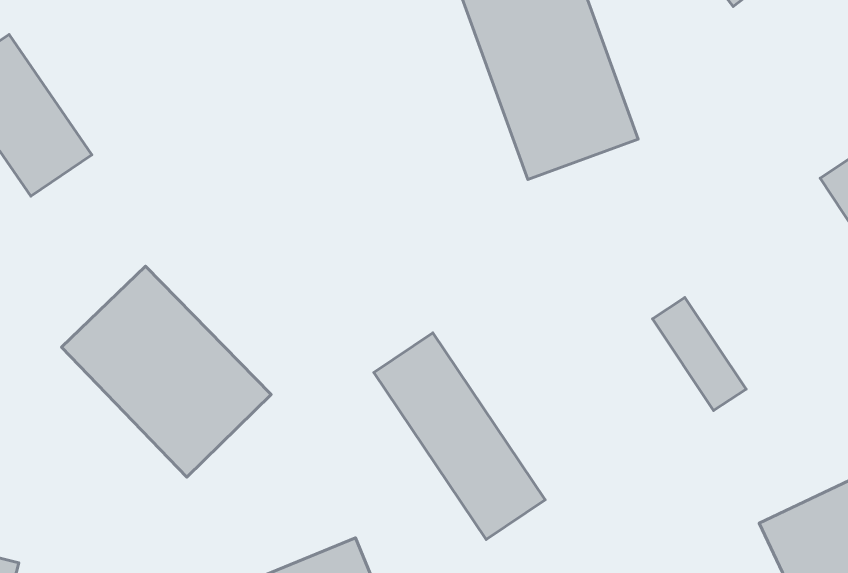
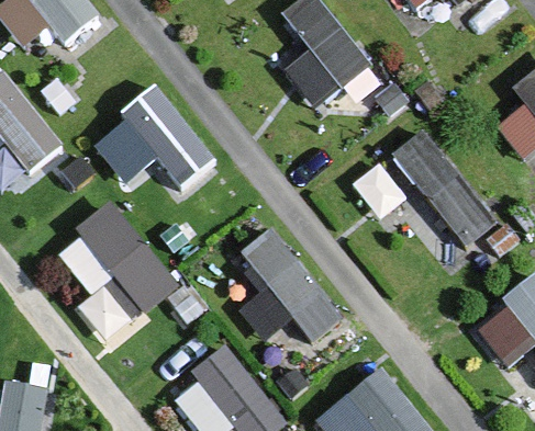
building: none -> [91,88,219,194]
building: none -> [352,127,498,245]

